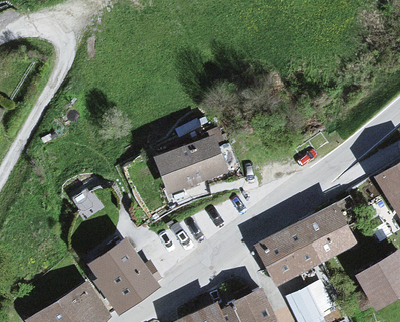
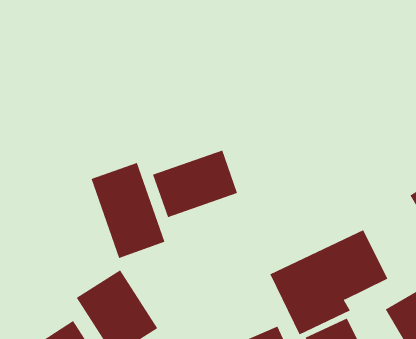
building: none -> [91,162,165,259]

